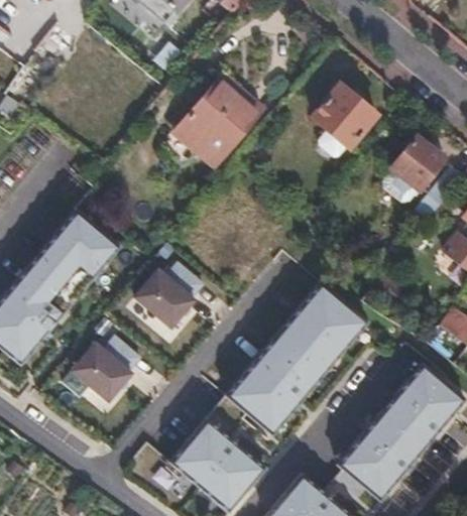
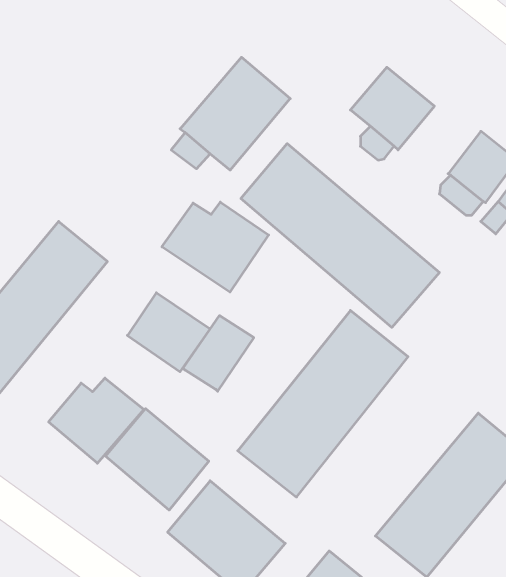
building: none -> [241,144,439,327]
building: none -> [162,202,269,292]
building: none -> [183,316,254,391]
building: none -> [105,409,209,510]

